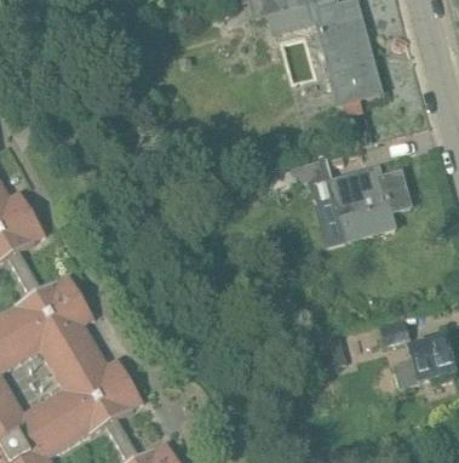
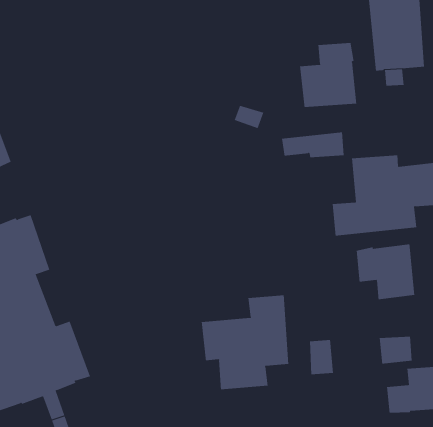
building: none -> [300,42,357,108]
building: none -> [356,243,415,300]
building: none -> [201,294,289,390]

